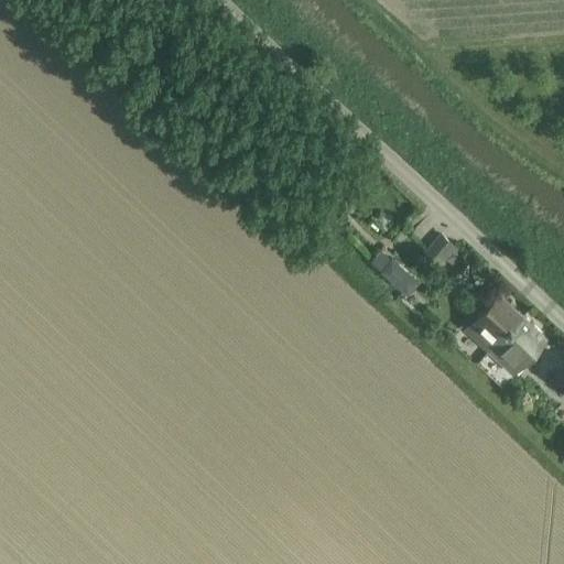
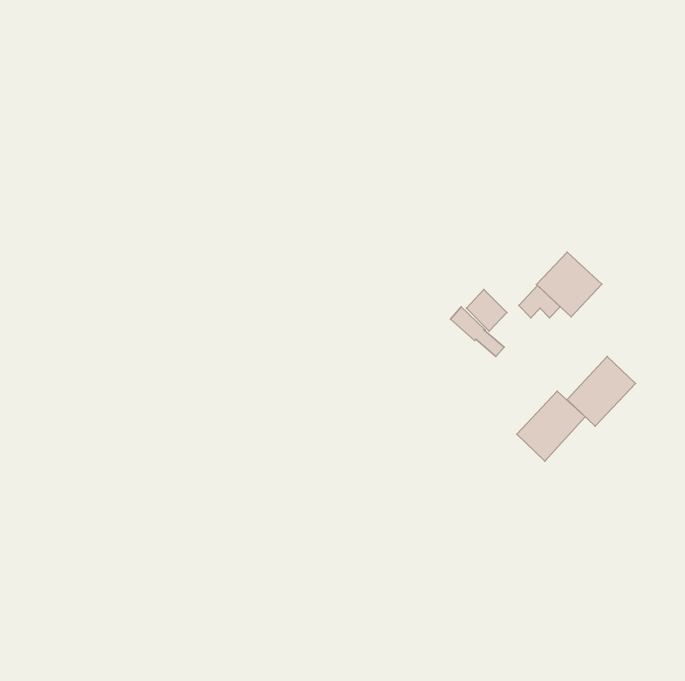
building: none -> [537,252,602,317]
building: [489,318,545,376] -> [517,391,585,461]

